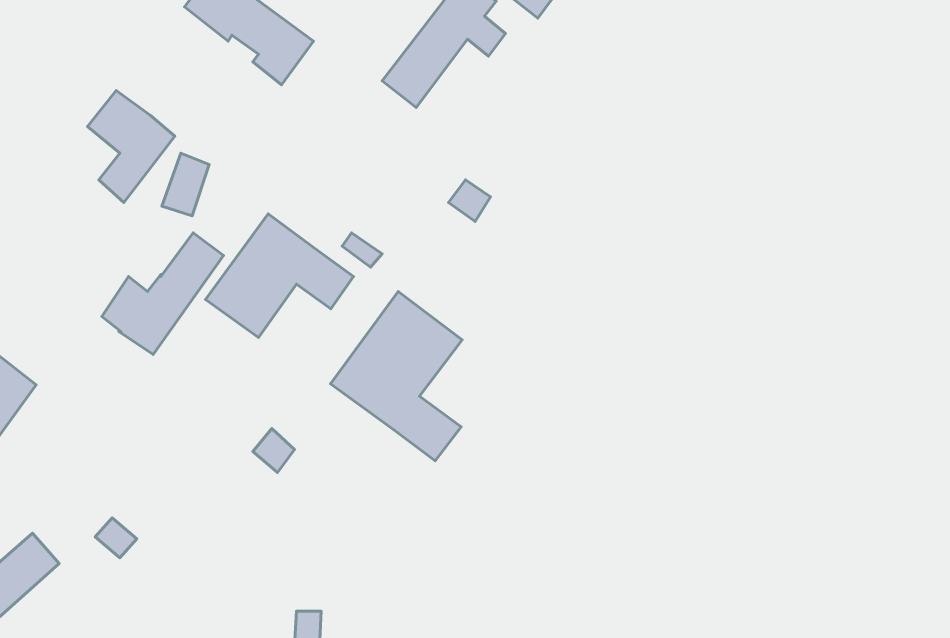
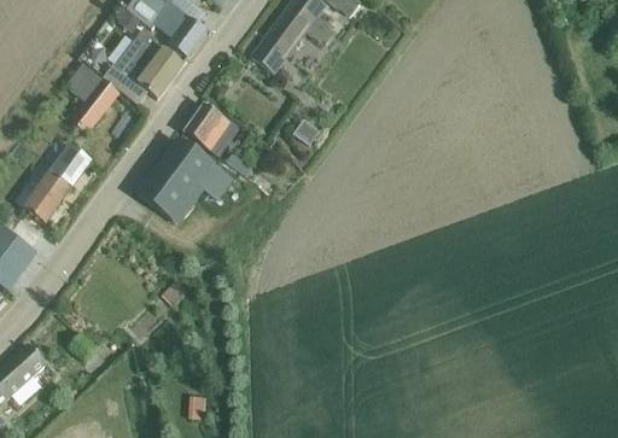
building: none -> [104,29,183,103]
building: none -> [183,104,233,152]
building: [102,233,223,354] -> [13,145,91,222]
building: [330,292,462,461] -> none

